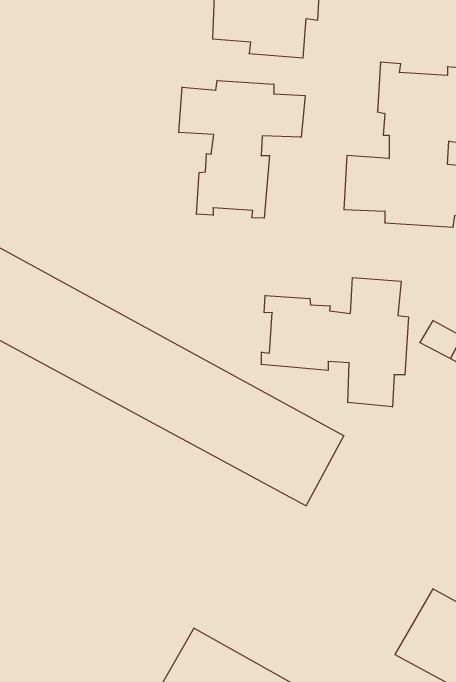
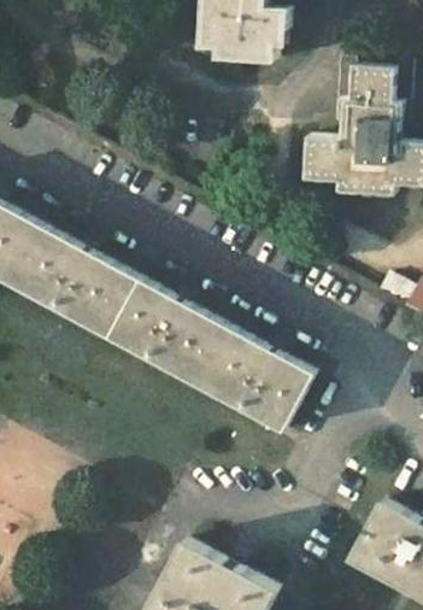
building: [179,80,305,218] -> none
building: [261,278,408,407] -> none

